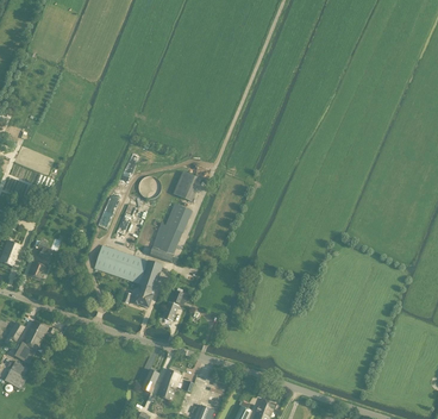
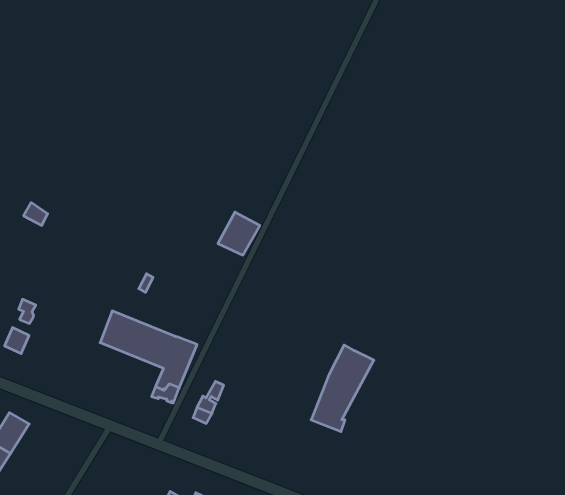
building: [149,201,190,262] -> [311,345,374,432]

